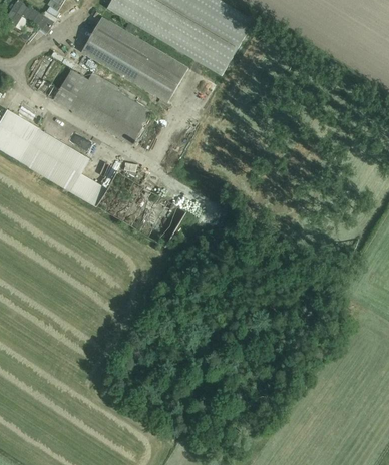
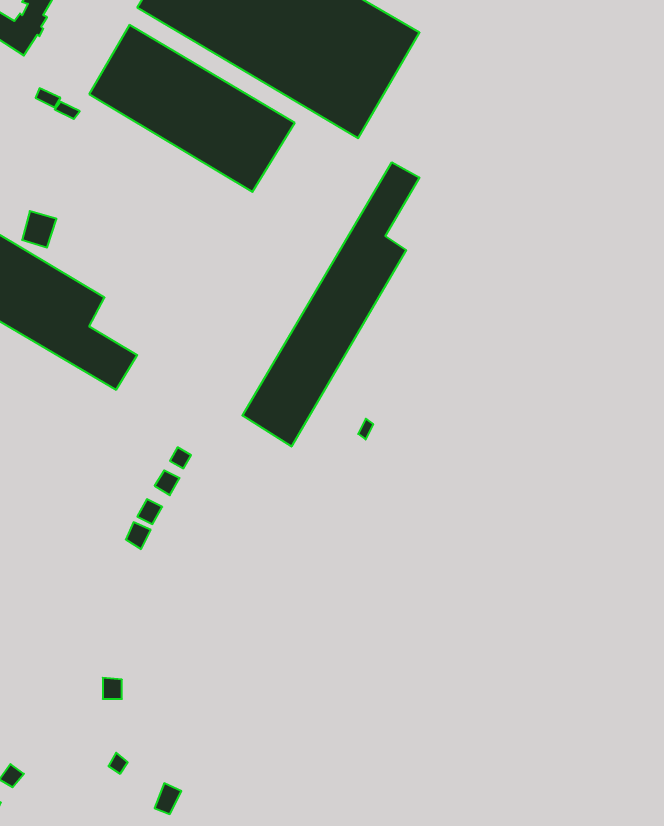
building: [53,69,151,144] -> none
building: none -> [242,162,419,447]

